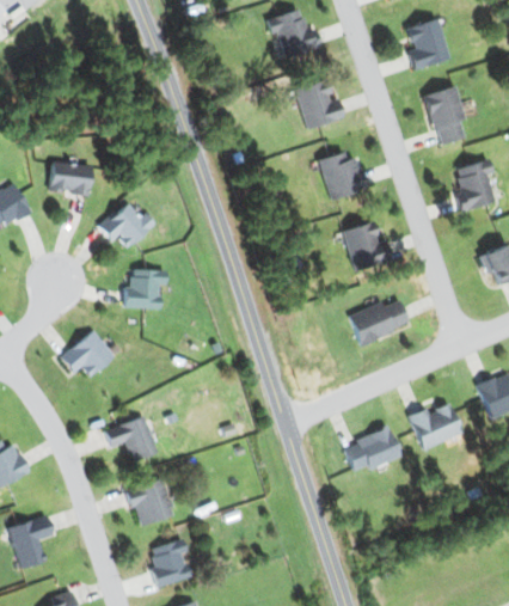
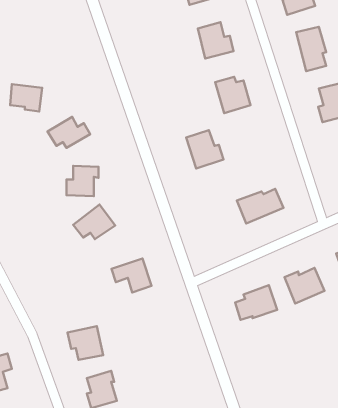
building: [342,221,391,271] -> [186,130,223,169]
building: [60,330,115,375] -> [73,205,115,239]
building: [105,416,158,460] -> [111,259,151,292]

